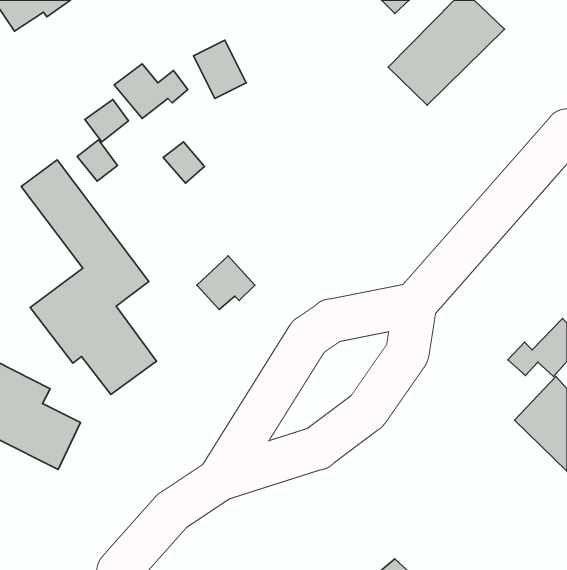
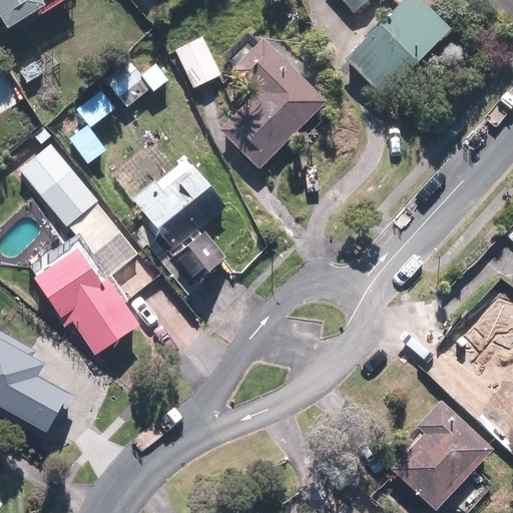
building: none -> [222,39,329,168]
building: none -> [131,156,227,250]
building: none -> [392,397,493,505]

